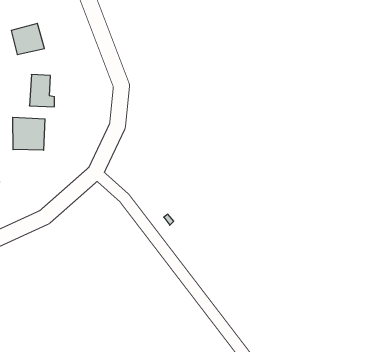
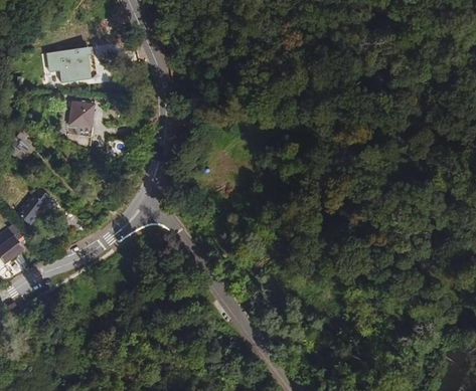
building: [13,117,45,150] -> none

